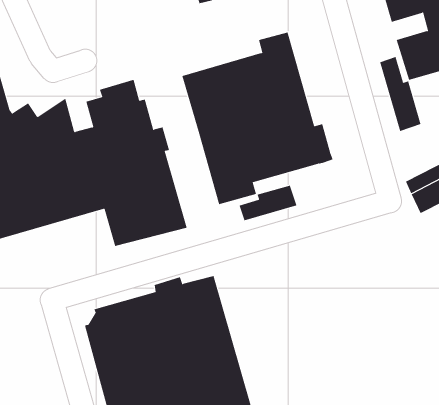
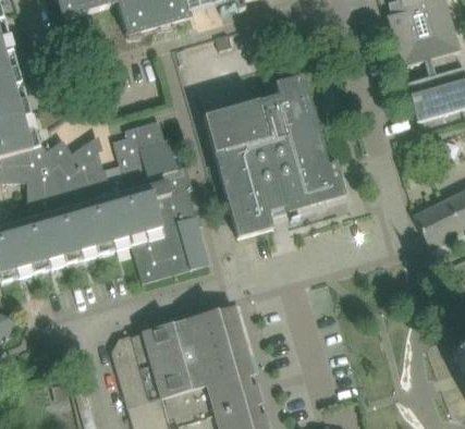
building: [379,56,421,132] -> none
building: [239,185,297,221] -> none

